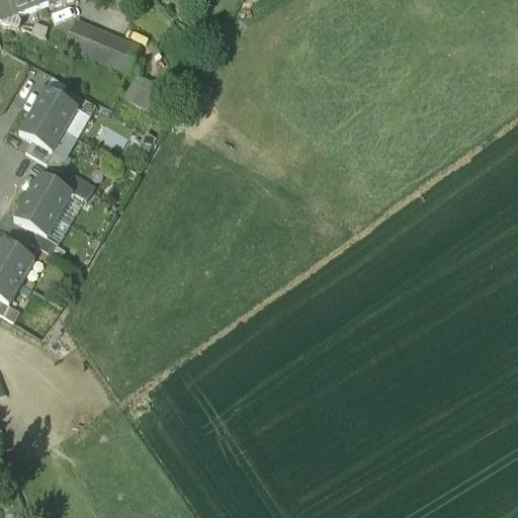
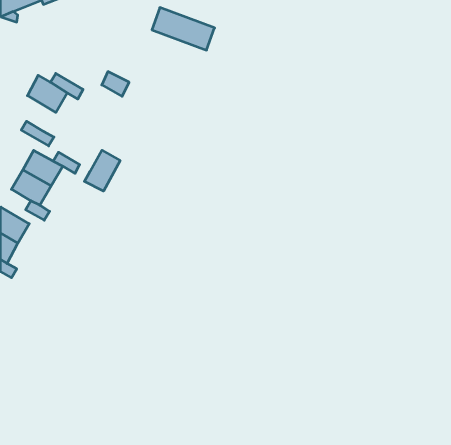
building: [68,18,140,67] -> [152,8,215,50]
building: [19,109,65,151] -> none
building: none -> [84,150,120,191]

